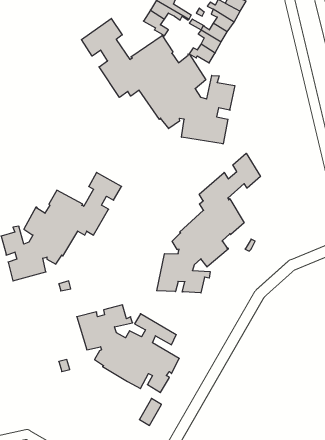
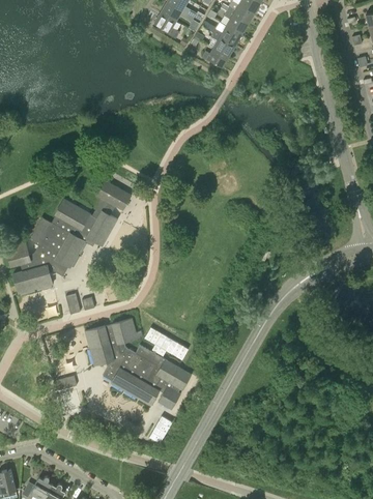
building: [81,18,235,144] -> none
building: [157,153,260,293] -> none

